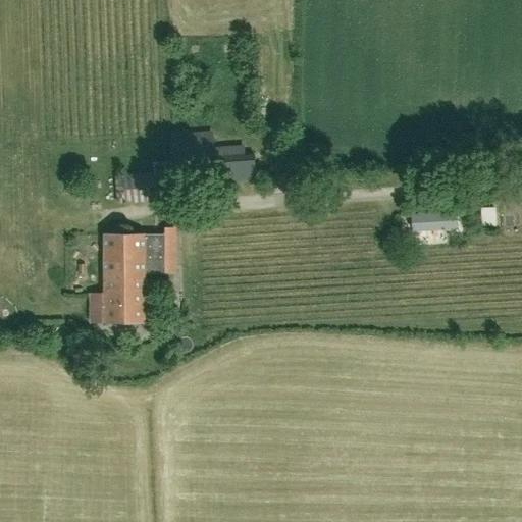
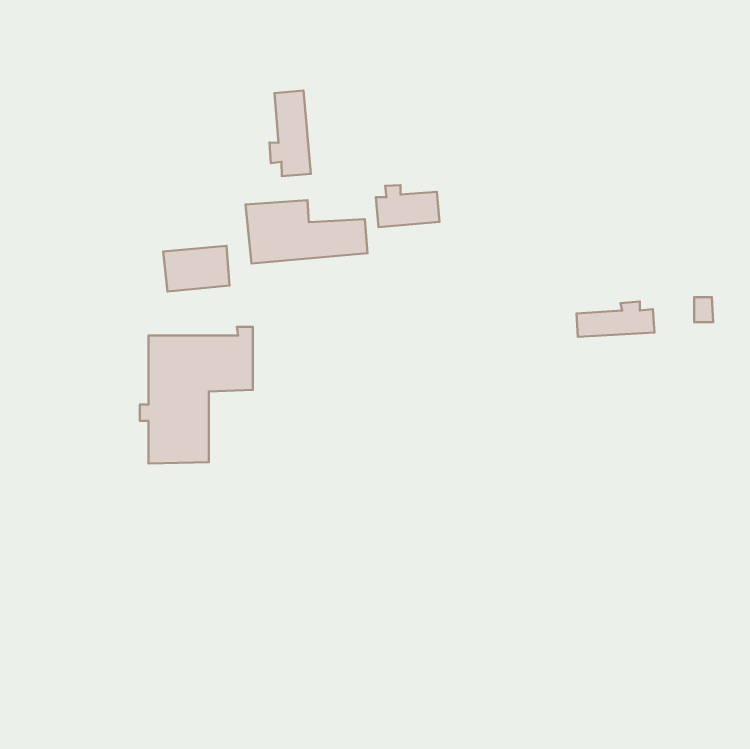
building: none -> [269,91,311,176]
building: none -> [376,185,439,227]

